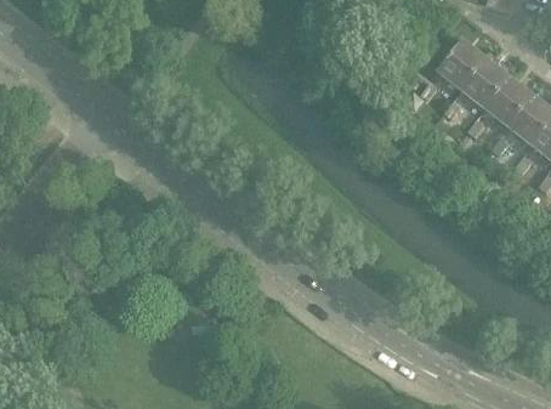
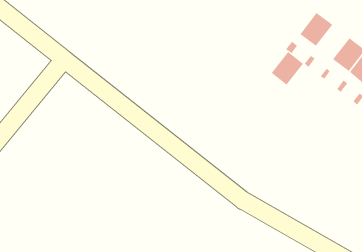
building: [461,58,509,108] -> [271,51,304,86]

